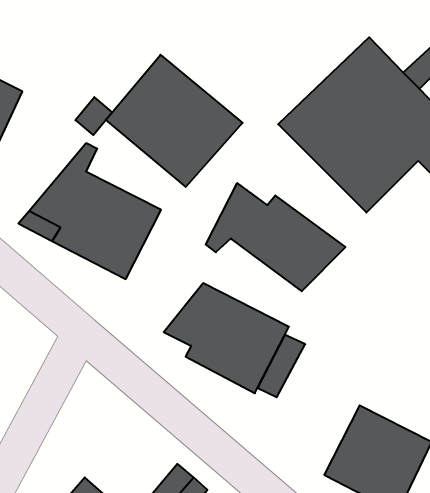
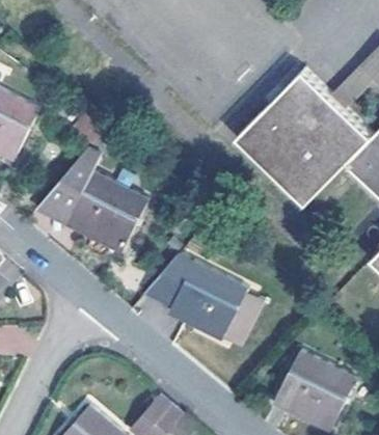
building: [106,55,243,187] -> none
building: [206,183,345,291] -> none

